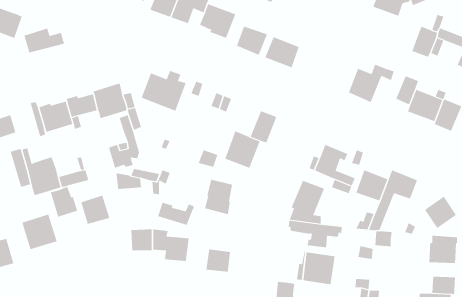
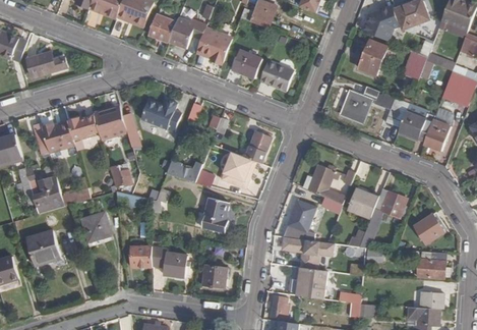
building: none -> [357,40,387,76]
building: [50,186,78,218] -> none
building: [157,202,195,226] -> [166,160,202,182]

